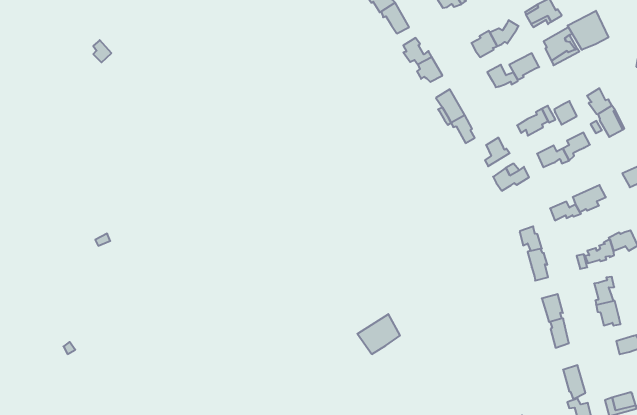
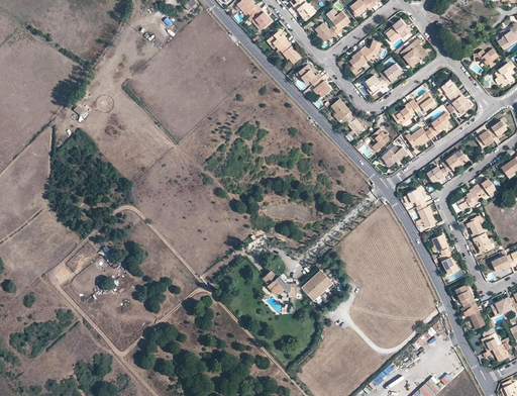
building: [568,11,608,50] -> none
building: none -> [263,271,303,301]

